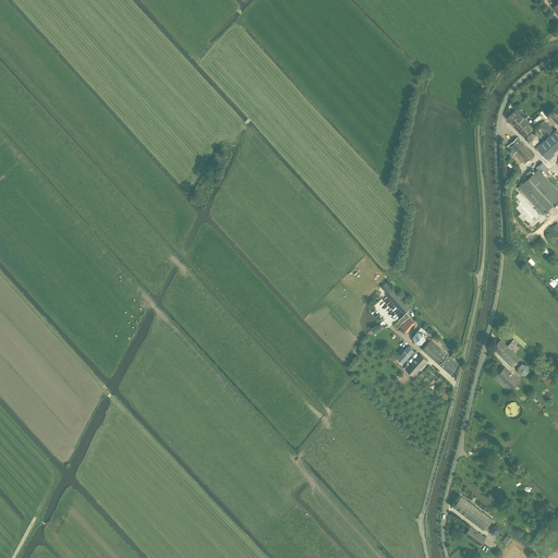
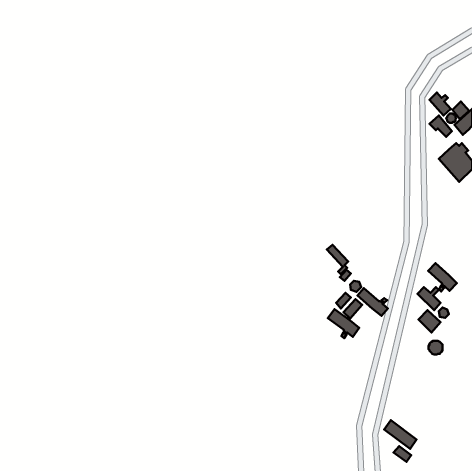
building: none -> [428,263,457,291]
building: none -> [328,309,359,338]

